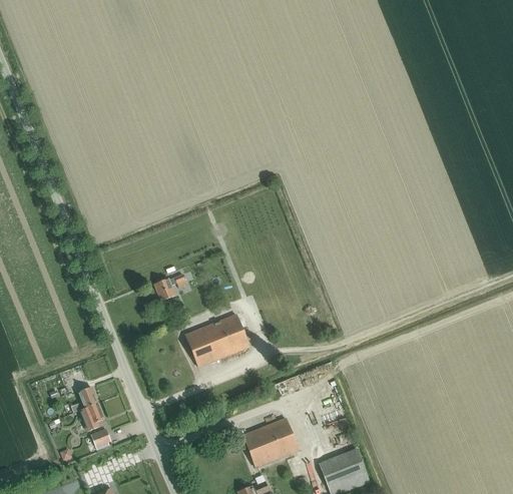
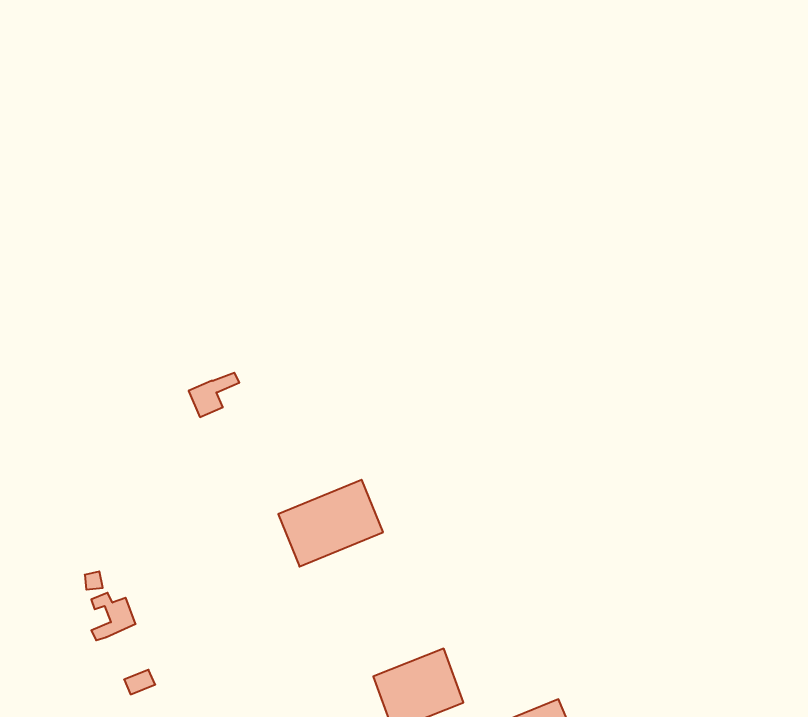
building: [154,274,185,301] -> [189,373,239,417]
building: [80,403,104,432] -> none

